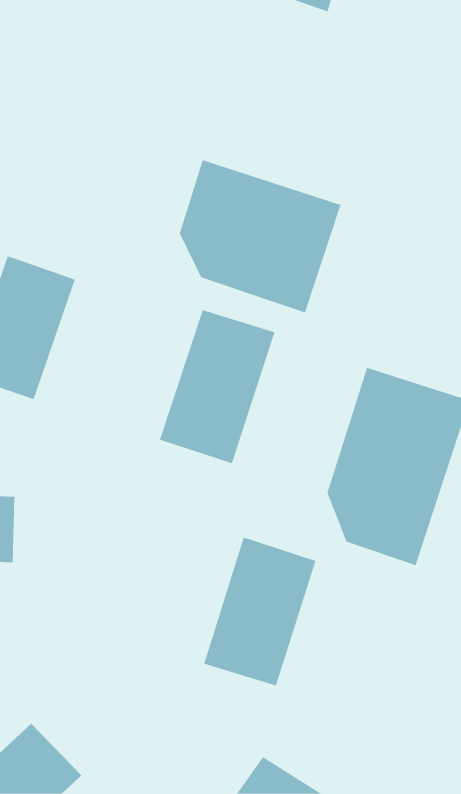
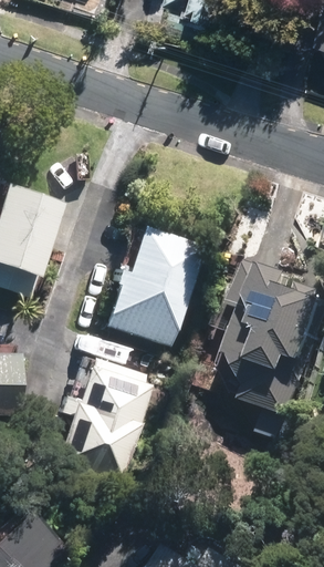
building: [179,159,341,313] -> none
building: [203,537,317,687] -> [63,364,142,468]

